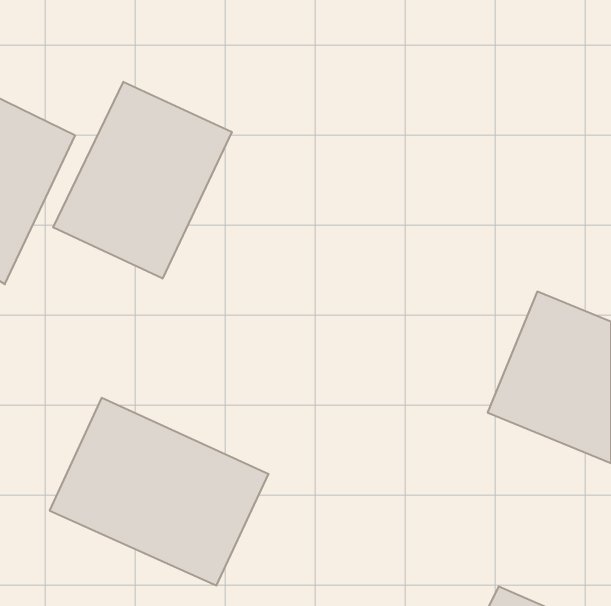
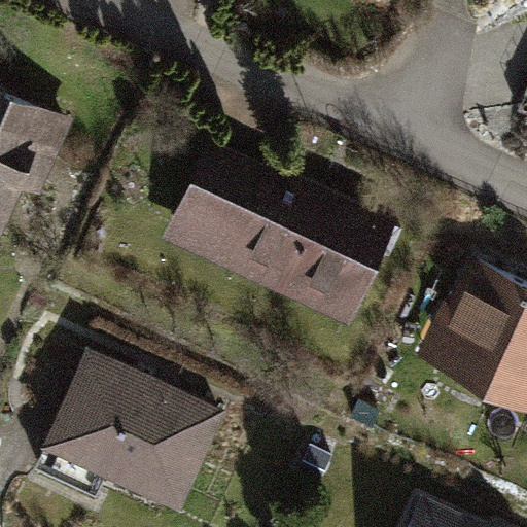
building: [53,82,232,279] -> none
building: none -> [163,170,381,328]

